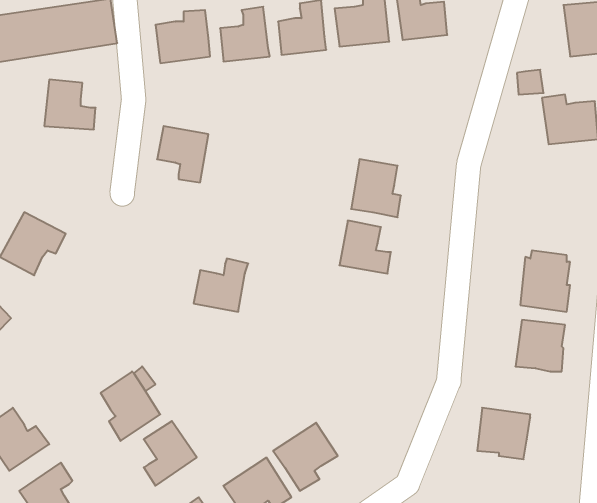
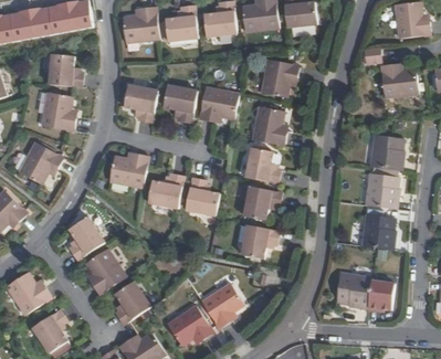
building: none -> [261,60,297,97]
building: none -> [162,85,197,123]
building: none -> [199,87,238,122]
building: none -> [41,93,74,131]
building: none -> [370,134,402,169]
building: none -> [108,154,148,188]
building: none -> [185,178,219,215]
building: none -> [243,187,280,221]
building: none -> [69,217,104,260]
building: none -> [240,225,277,258]
building: none -> [367,279,393,310]

